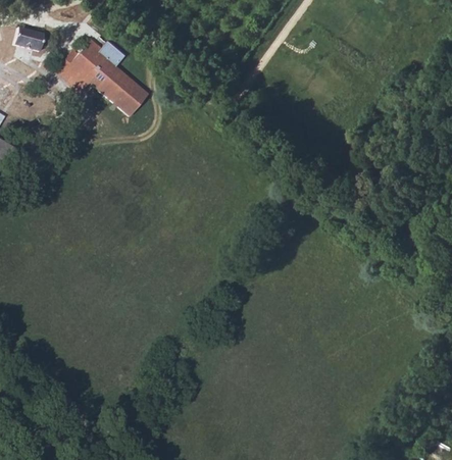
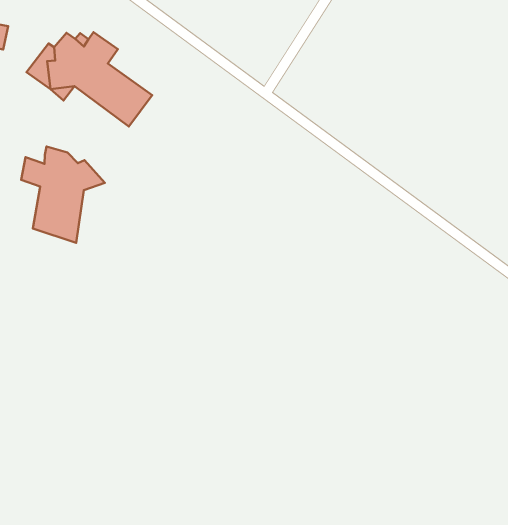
building: none -> [21,147,105,243]

